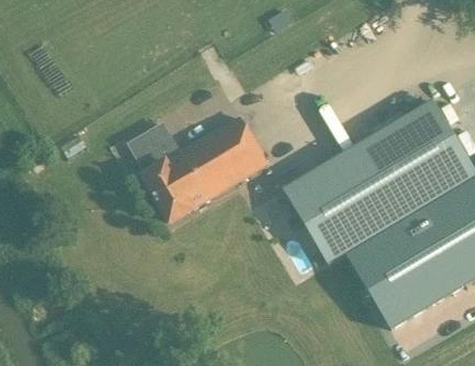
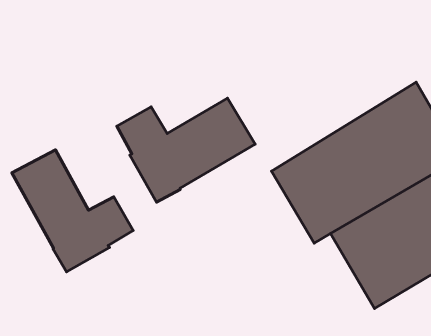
building: none -> [12,150,133,272]

